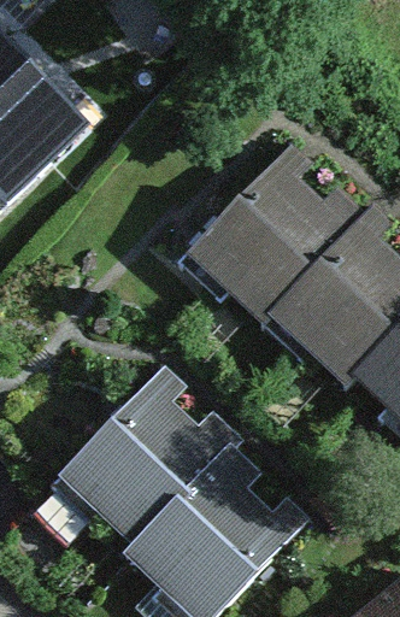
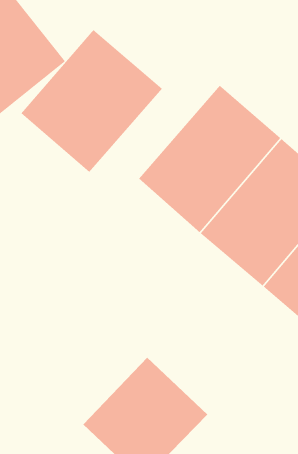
building: none -> [21,29,163,173]
building: [57,398,204,543] -> none

